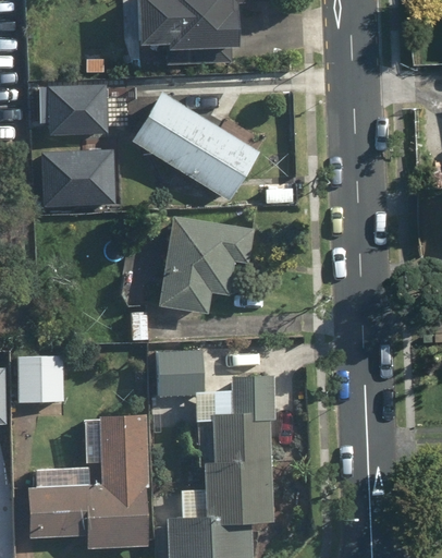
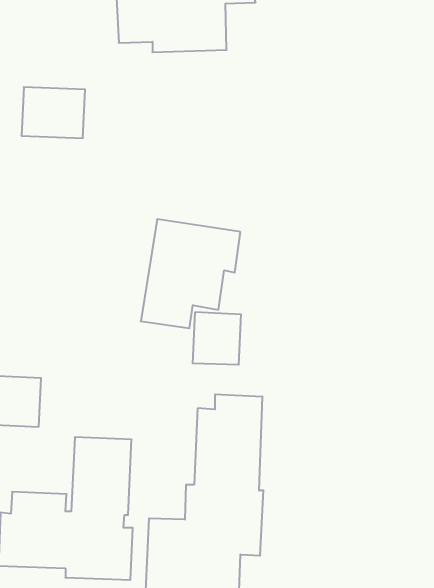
building: [127,88,263,209] -> none
building: [38,149,113,207] -> none
building: [156,351,201,400] -> [193,312,241,364]

